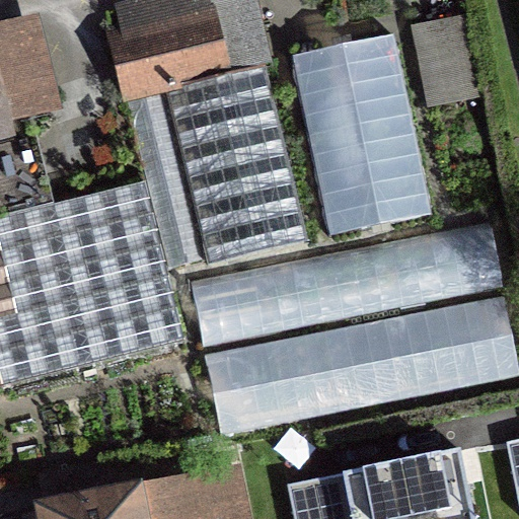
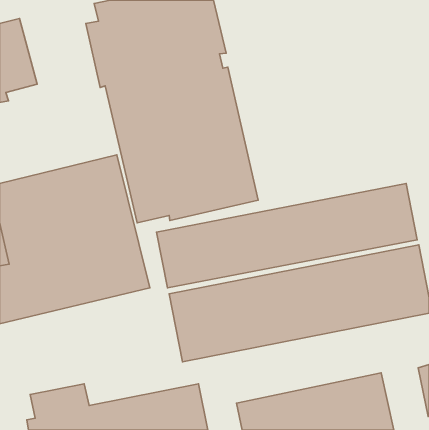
building: [410,16,481,110] -> none
building: [291,35,433,238] -> none

